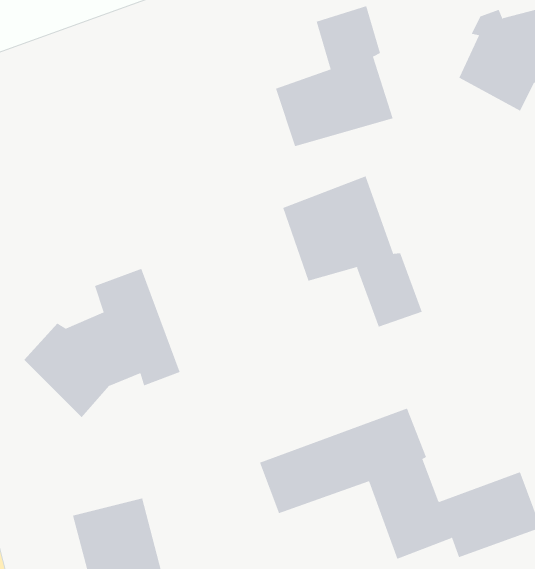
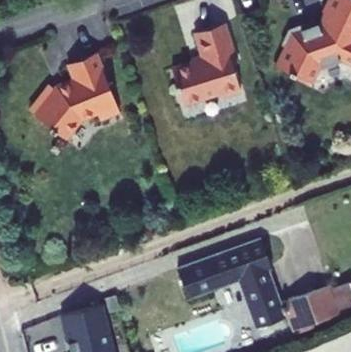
building: [283,175,423,327] -> none
building: [23,268,181,418] -> [28,54,117,139]

